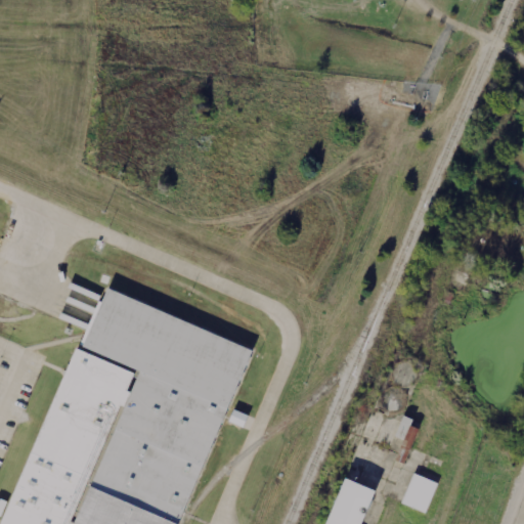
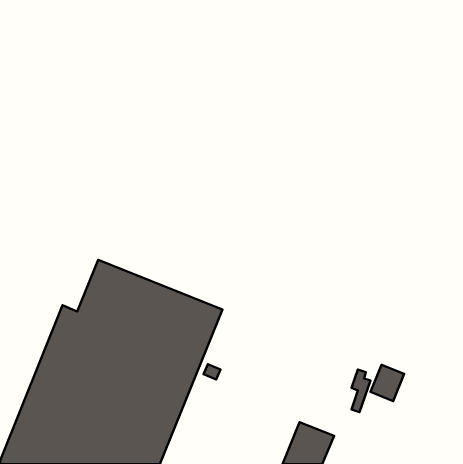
building: [403,474,441,515] -> [371,365,404,401]

